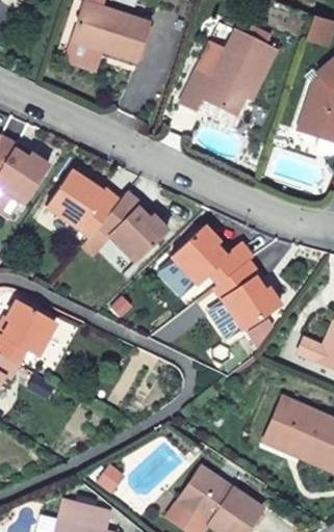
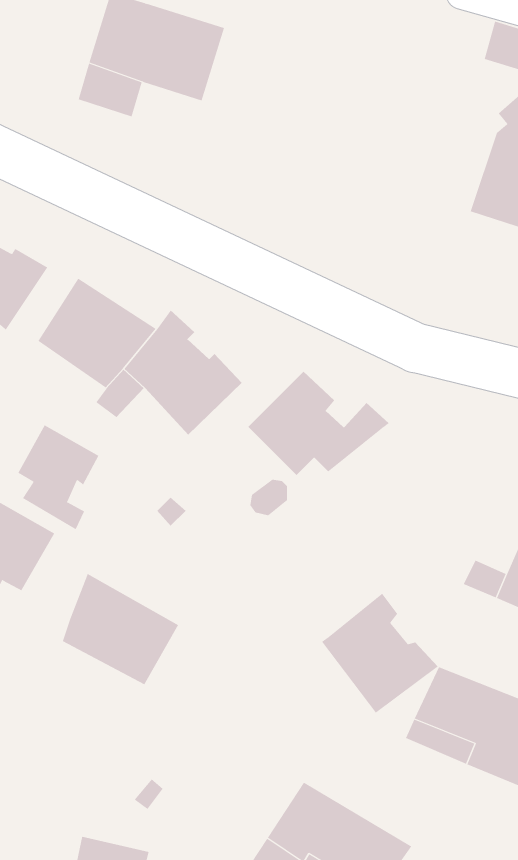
building: [181,28,281,115] -> none
building: none -> [17,425,99,530]
building: [211,258,281,329] -> [321,593,438,714]
building: none -> [62,573,179,685]

